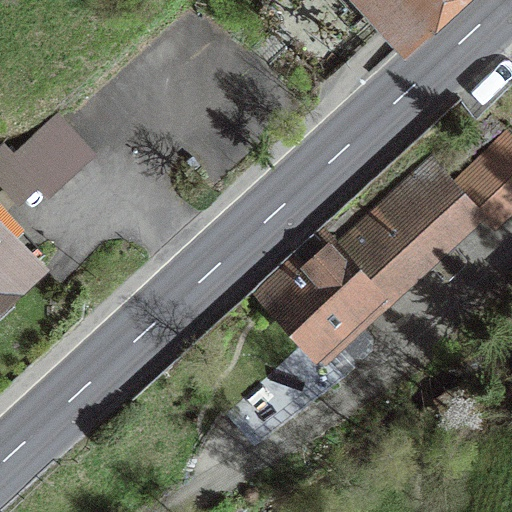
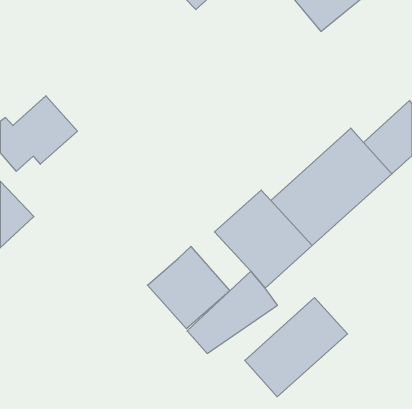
building: none -> [147,246,230,329]
building: none -> [245,298,348,397]

